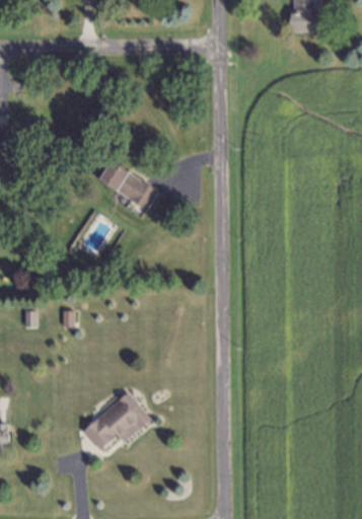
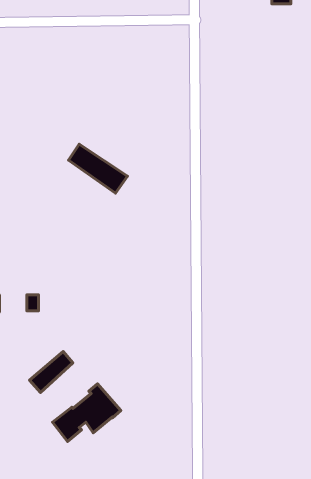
building: none -> [30,351,73,392]

